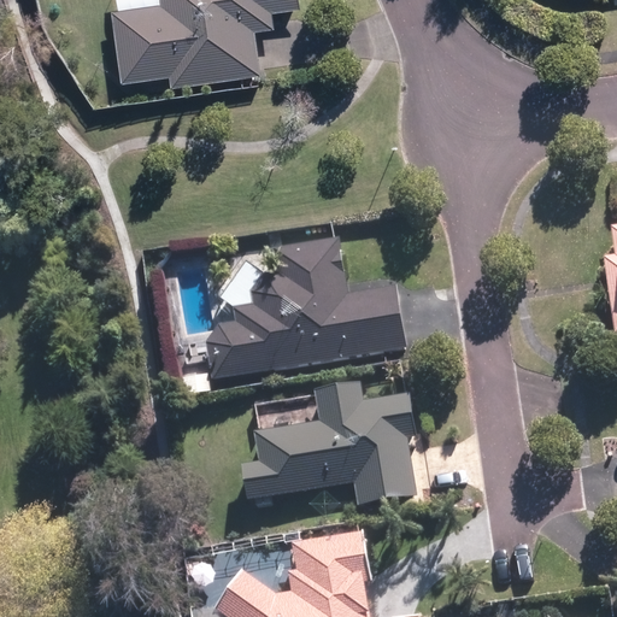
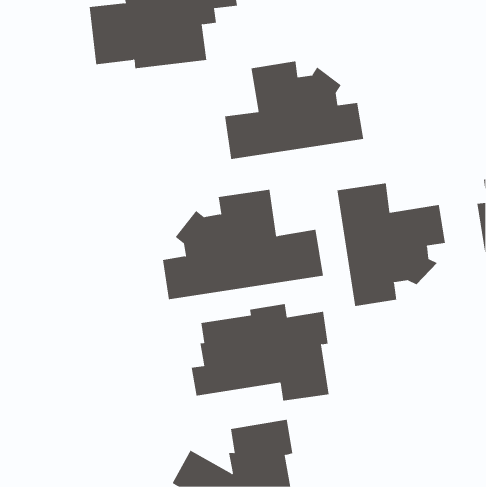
building: none -> [225,61,364,160]
building: none -> [337,182,446,307]

